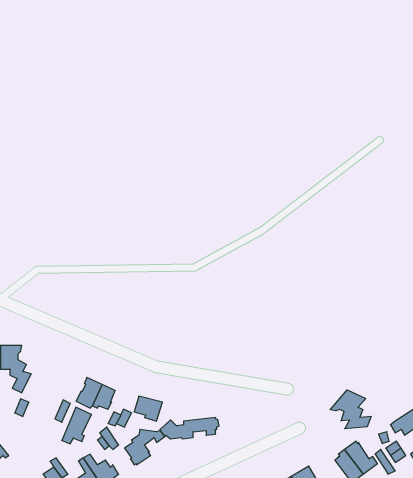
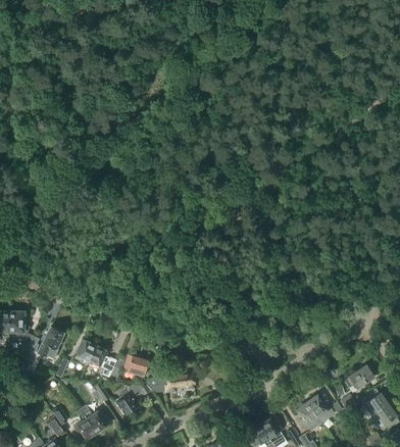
building: [330,390,371,429] -> none
building: [62,407,91,444] -> [38,326,63,357]

